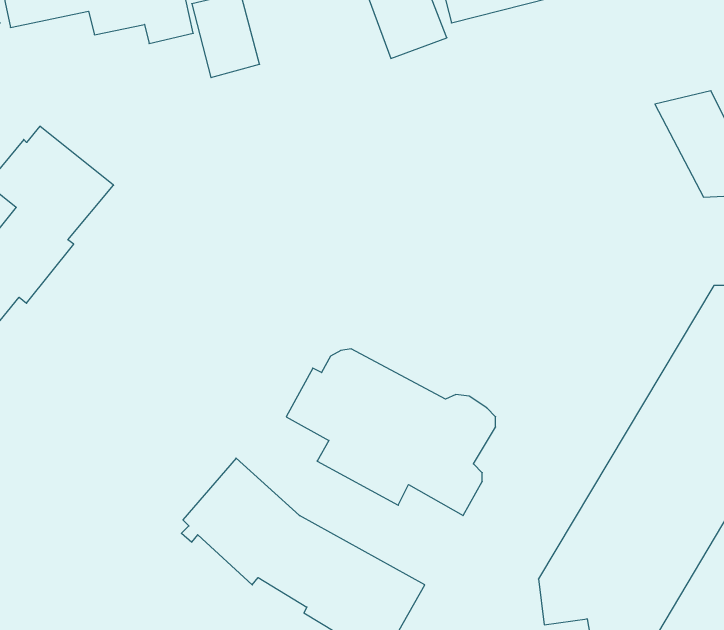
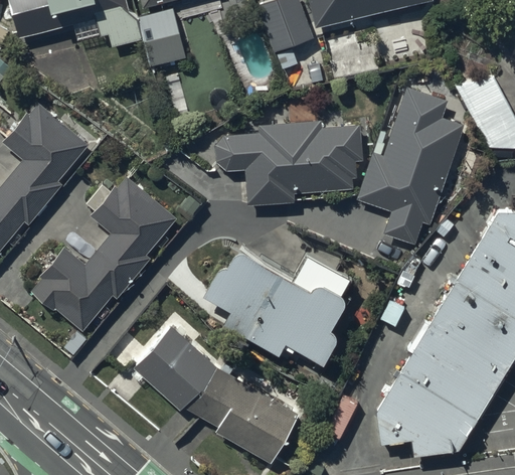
building: none -> [357,87,462,242]
building: none -> [215,120,361,204]
building: none -> [31,175,178,330]

